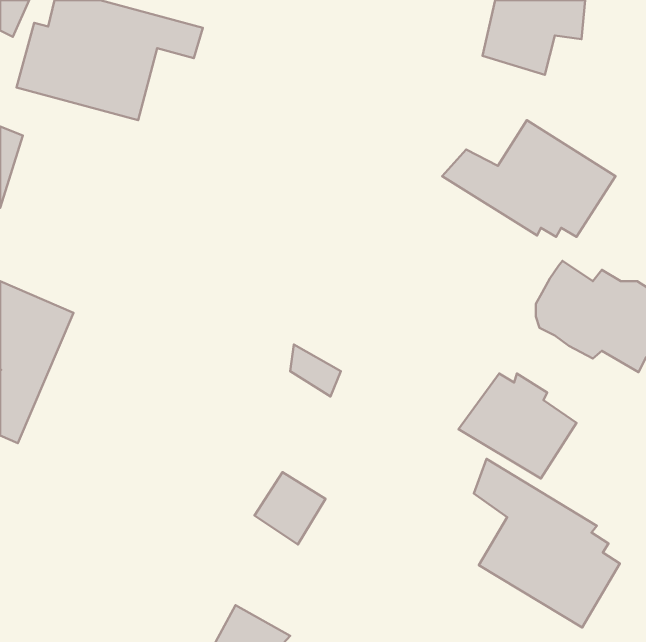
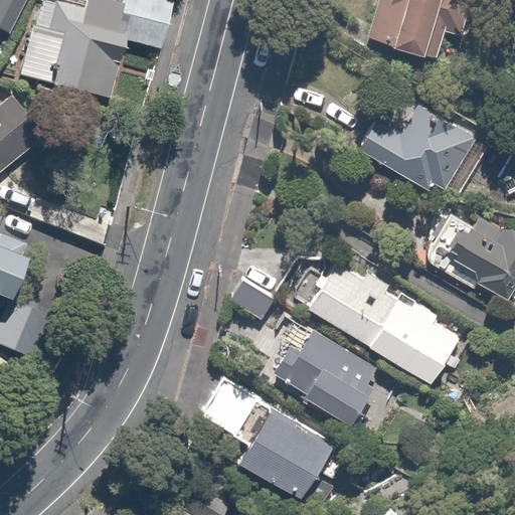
building: none -> [307,264,397,345]
building: none -> [275,329,383,424]
building: [474,459,620,628] -> none
building: none -> [235,407,329,492]

